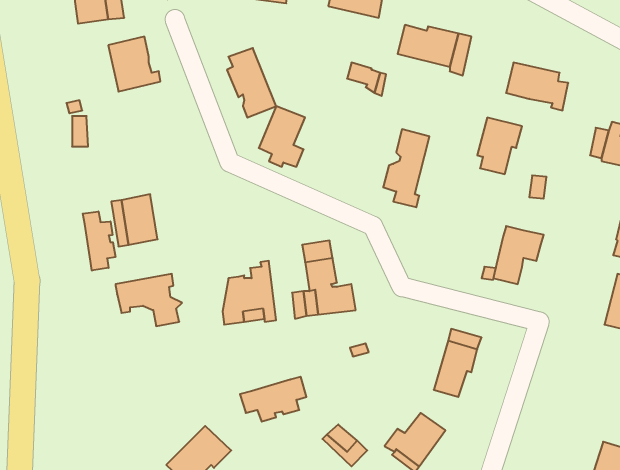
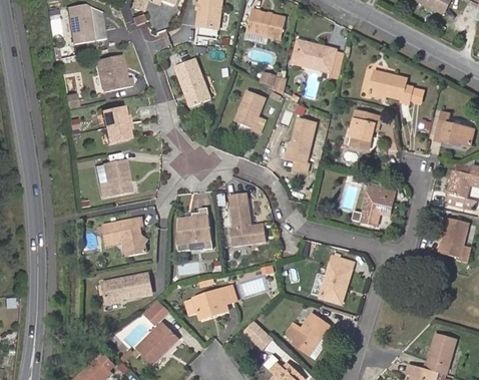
building: [259,106,305,167] -> [233,91,266,133]
building: none -> [103,107,130,142]
building: [83,211,115,271] -> none
building: none -> [99,276,148,303]
building: none -> [141,299,169,325]

